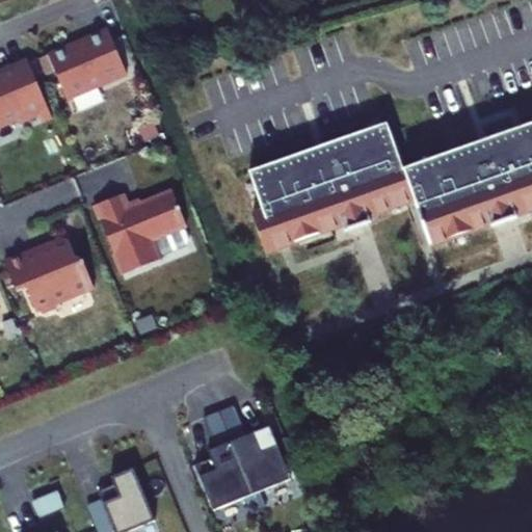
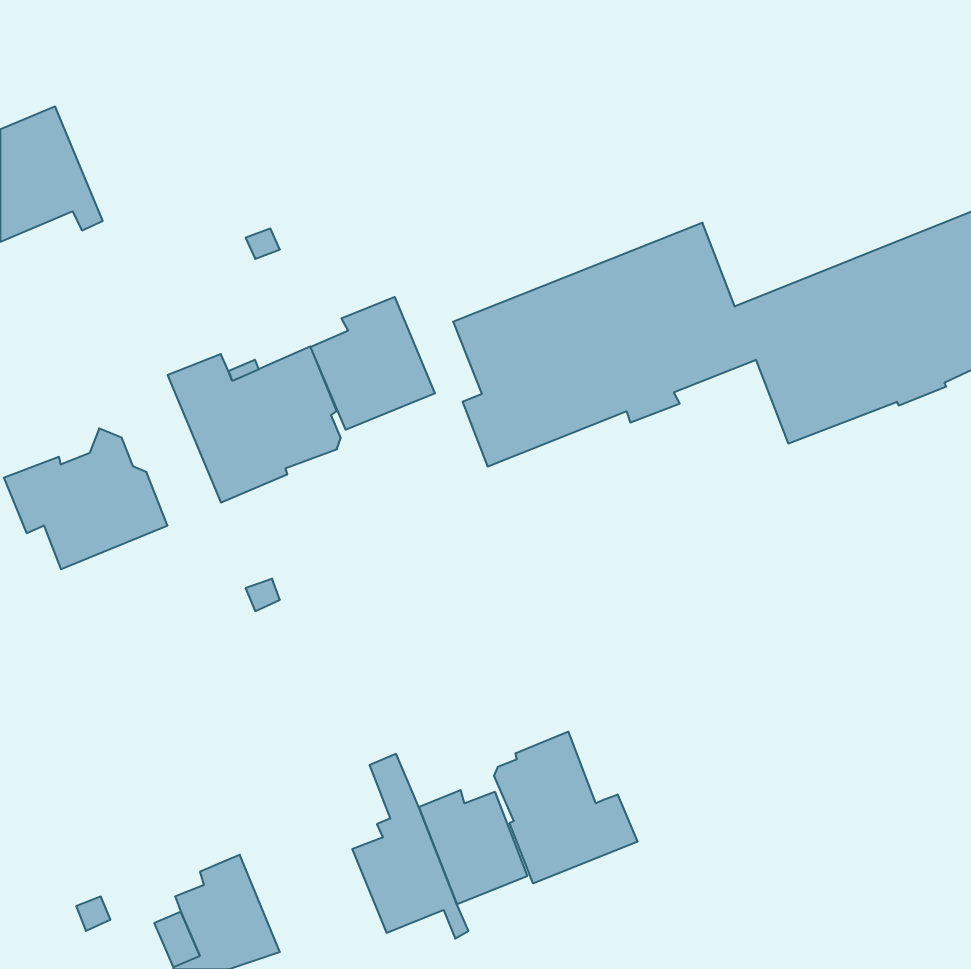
building: [47,28,126,97] -> none
building: none -> [310,297,435,430]
building: none -> [494,732,638,883]

